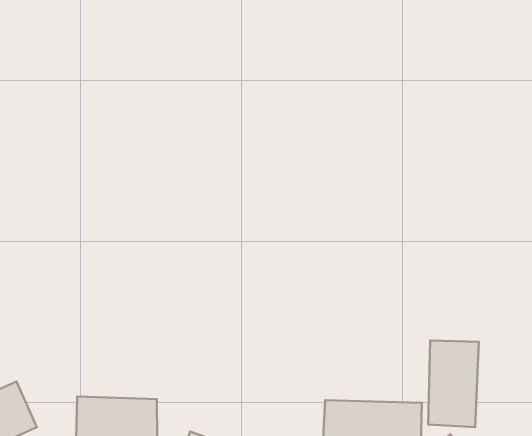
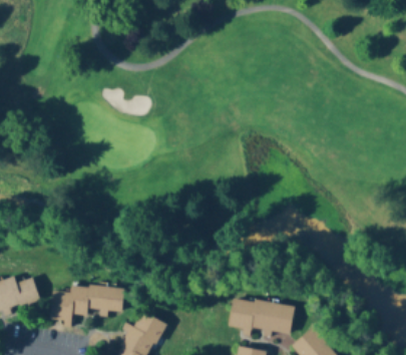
building: [428,341,479,427] -> none

